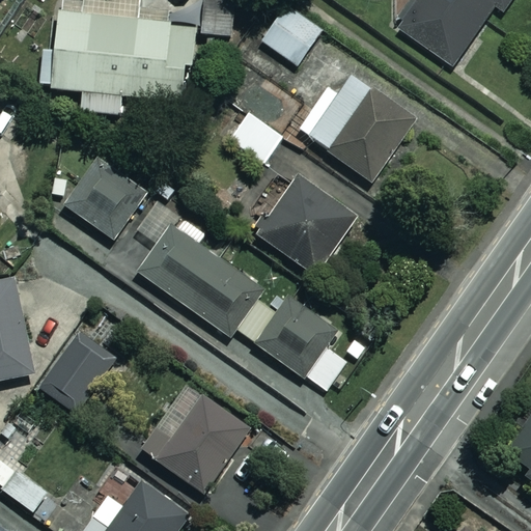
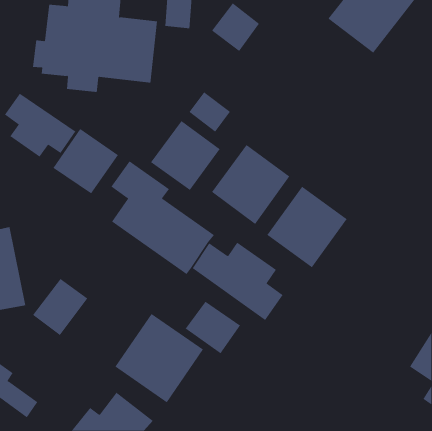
building: [291,75,414,180] -> none
building: none -> [4,93,76,158]
building: none -> [150,120,221,191]
building: none -> [267,186,347,268]
building: none -> [185,301,241,354]

